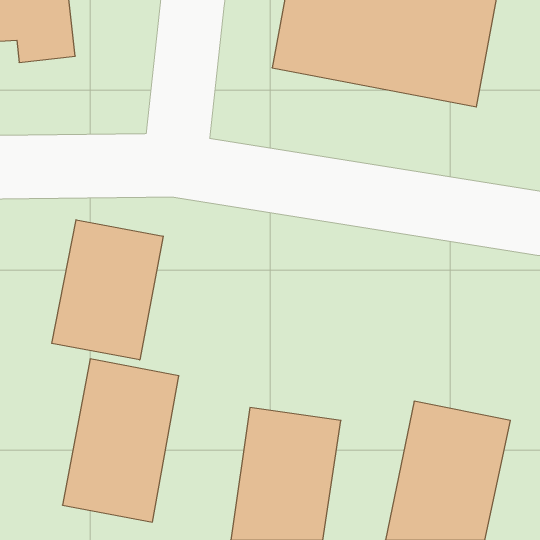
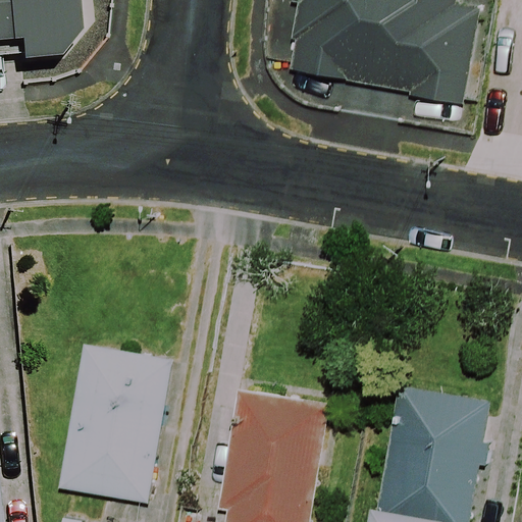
building: [52,220,163,360] -> none

